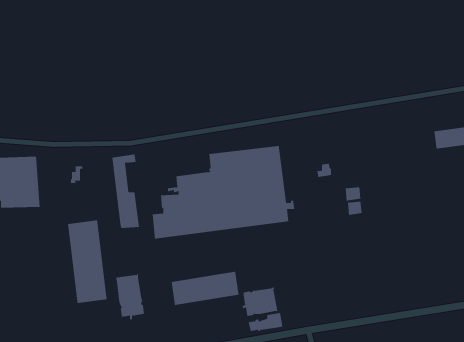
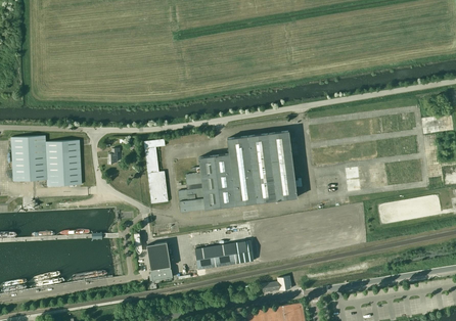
building: [68,219,107,304] -> none
building: [242,287,278,317] -> none

